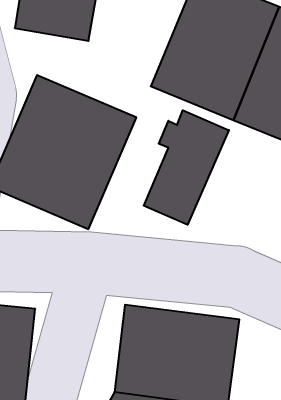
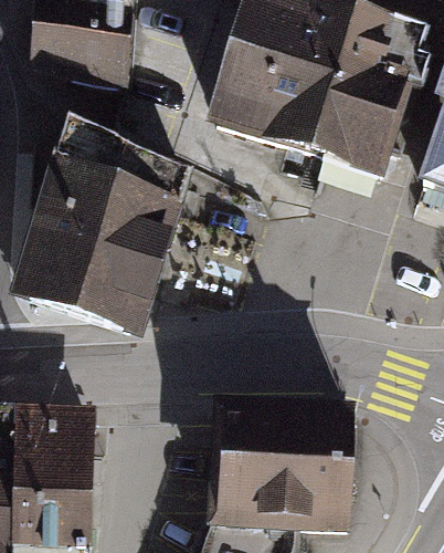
building: [144,110,229,225] -> none

